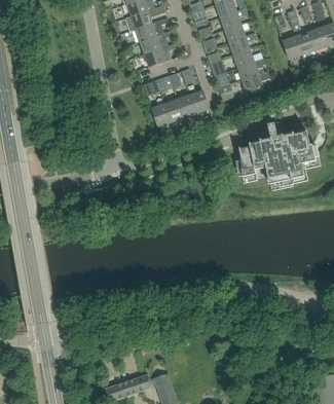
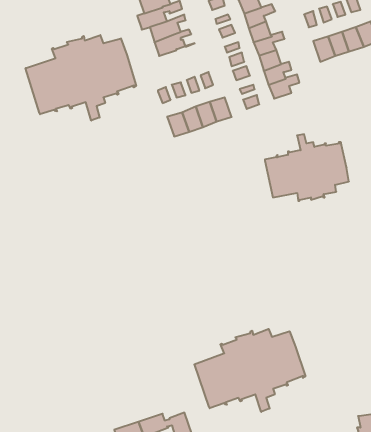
building: none -> [26,35,136,121]
building: [142,42,177,66] -> none
building: none -> [194,329,305,412]

